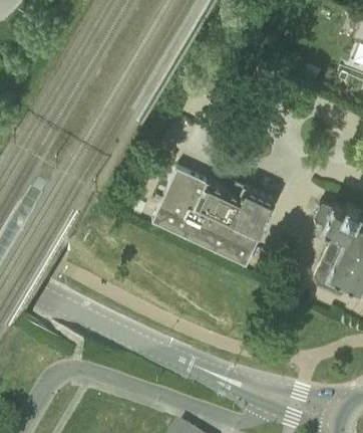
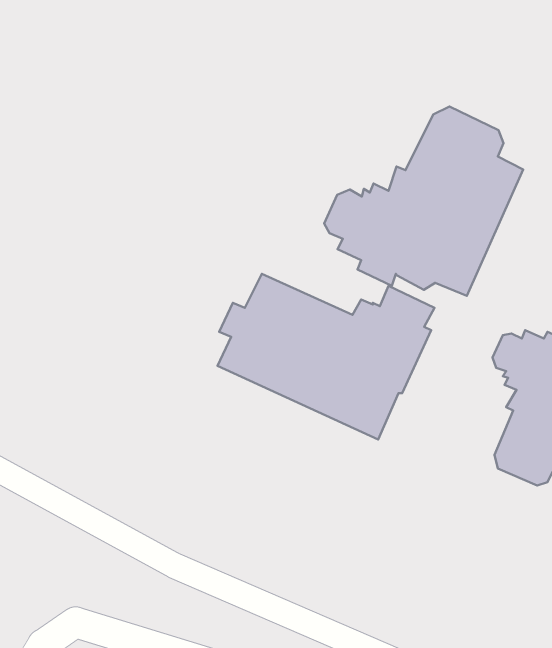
building: none -> [324,106,523,296]

